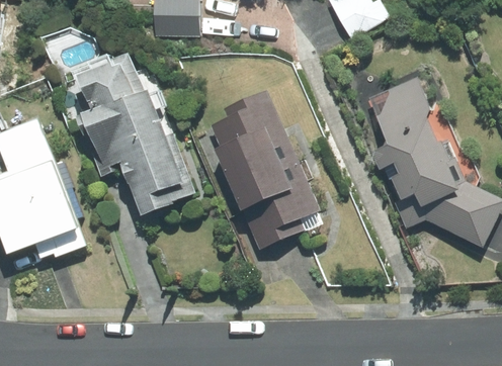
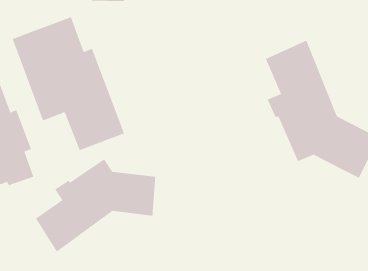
building: [210,88,319,249] -> none
building: none -> [35,159,156,253]

